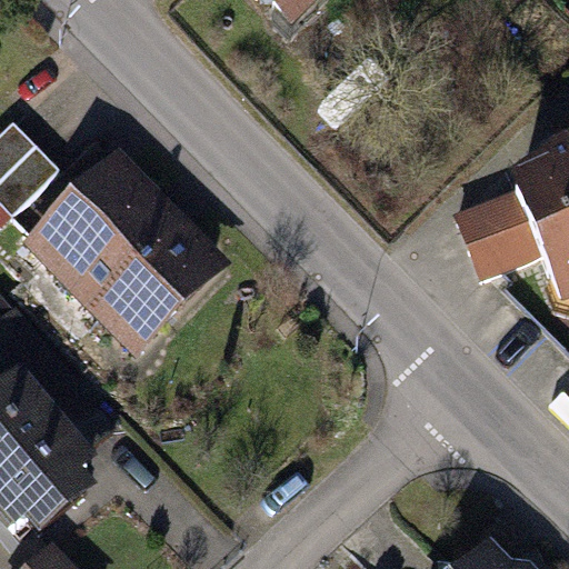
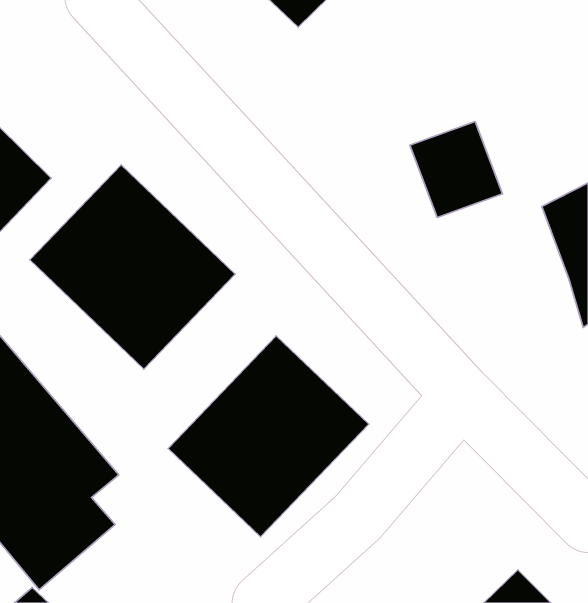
building: [446,193,532,283] -> [410,121,502,218]
building: none -> [168,336,369,537]

